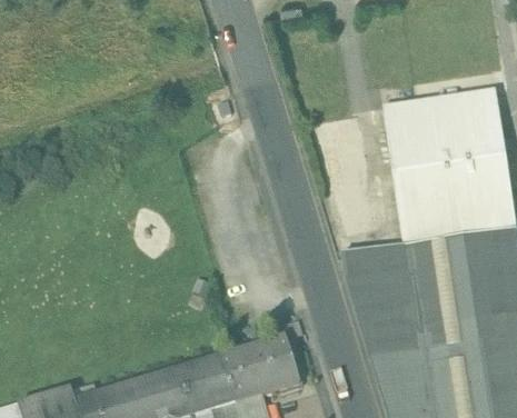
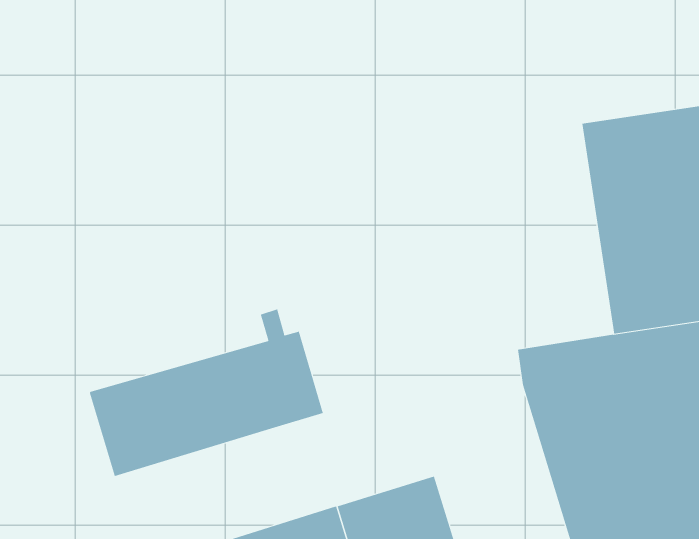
building: none -> [89,308,324,477]

